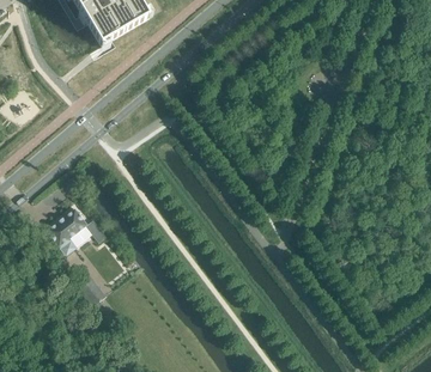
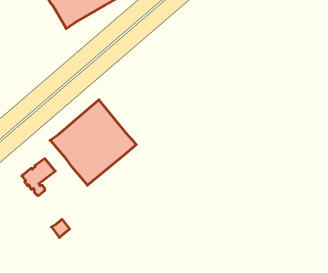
building: none -> [50,100,136,185]

